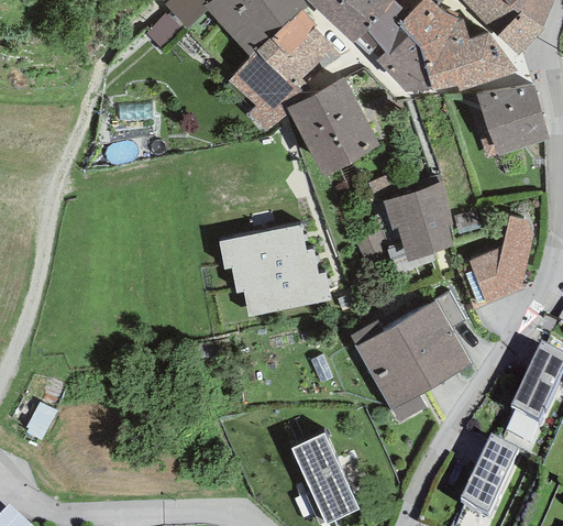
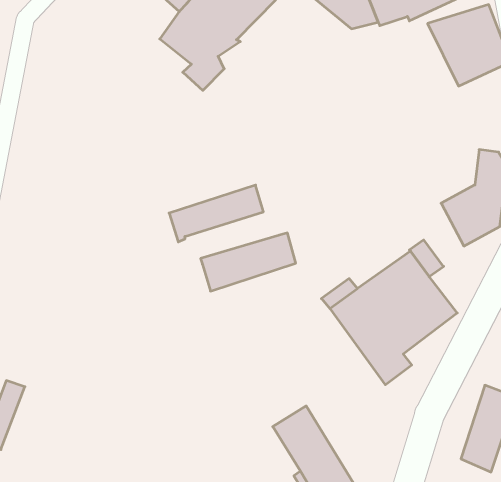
building: [287,76,383,178] -> none
building: [383,180,453,261] -> none
building: [231,248,318,293] -> none

